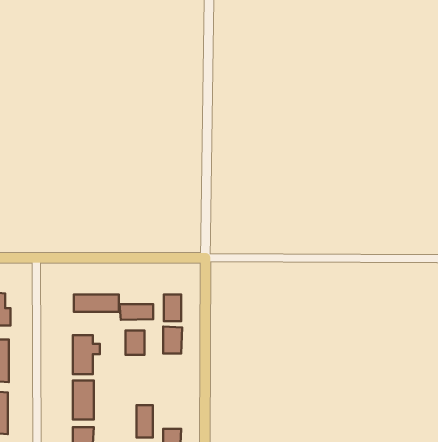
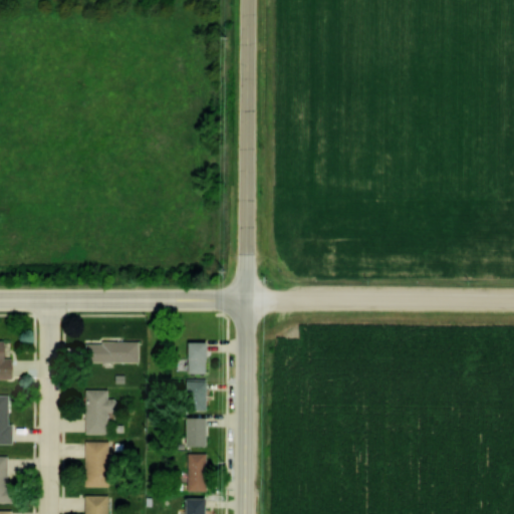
building: [120,304,153,320] -> none
building: [125,331,145,355] -> [188,418,210,446]
building: [136,405,153,437] -> [187,454,206,491]

